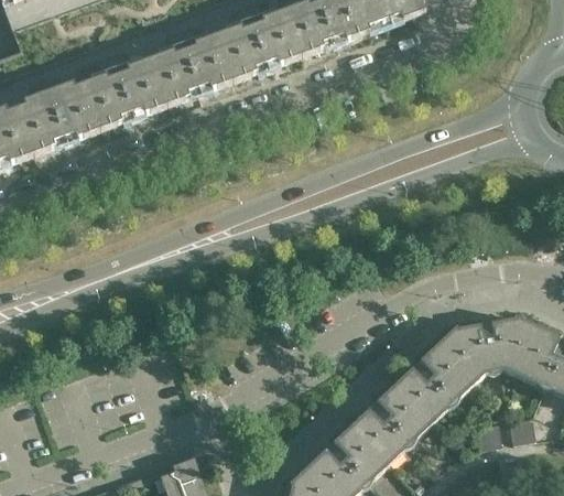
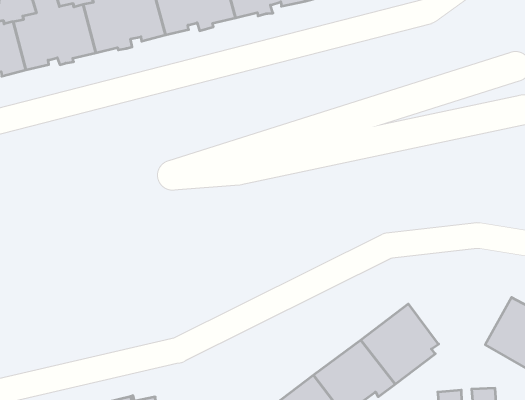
building: [436,316,538,381] -> none

